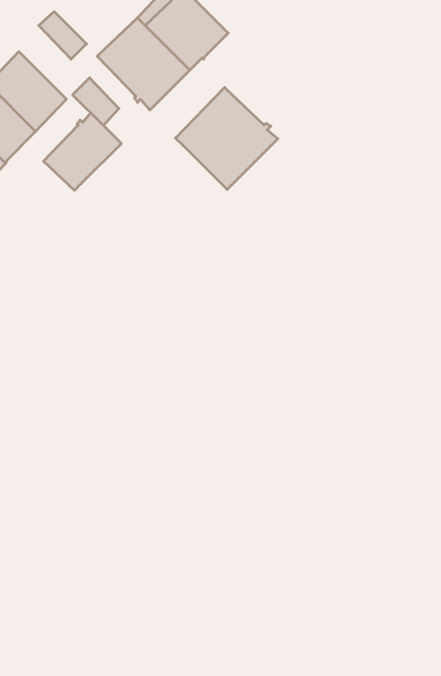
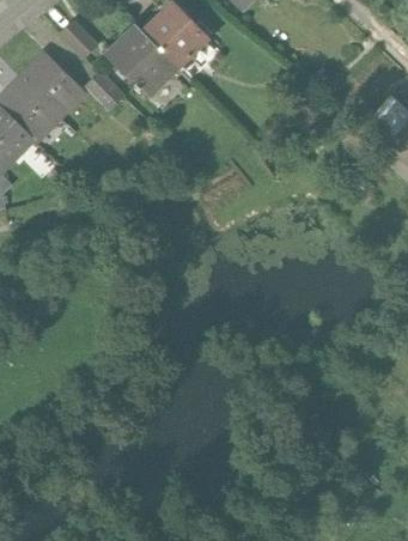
building: [175,87,278,190] -> none
building: [44,113,121,190] -> none

